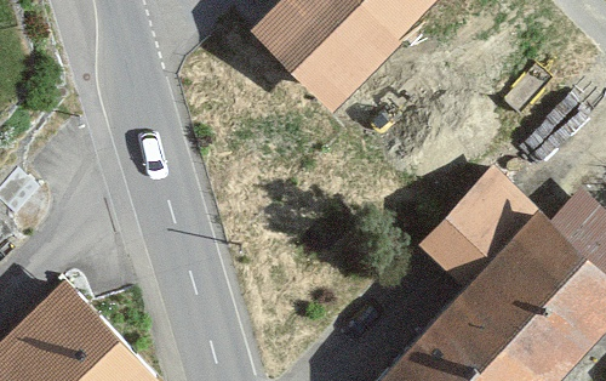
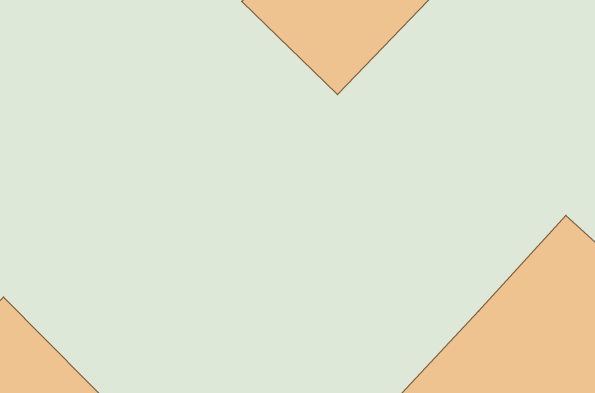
building: [413,159,541,289] -> none

